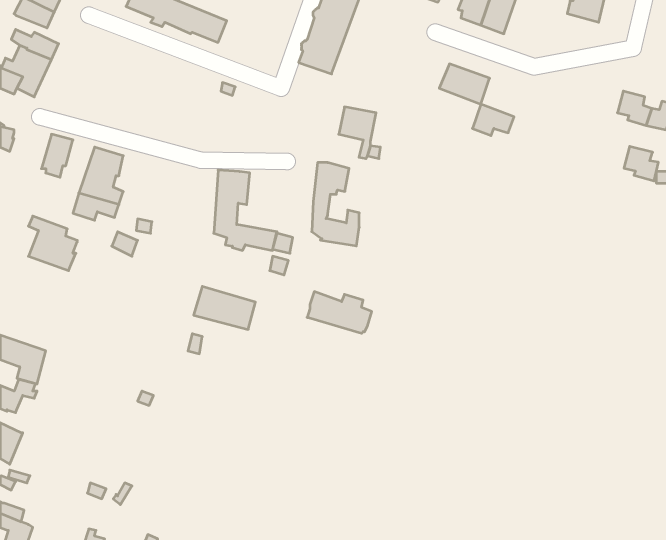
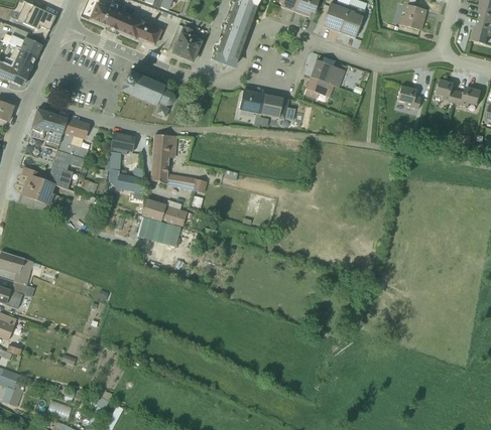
building: none -> [172,26,201,61]
building: none -> [121,70,174,117]
building: [472,104,514,136] -> [303,77,333,99]
building: none -> [261,94,295,120]
building: none -> [43,113,68,150]
building: [624,146,658,181] -> [397,85,421,109]
building: [312,163,359,246] -> [109,133,142,191]
building: none -> [47,164,73,188]
building: [307,292,372,333] -> [142,197,188,227]

